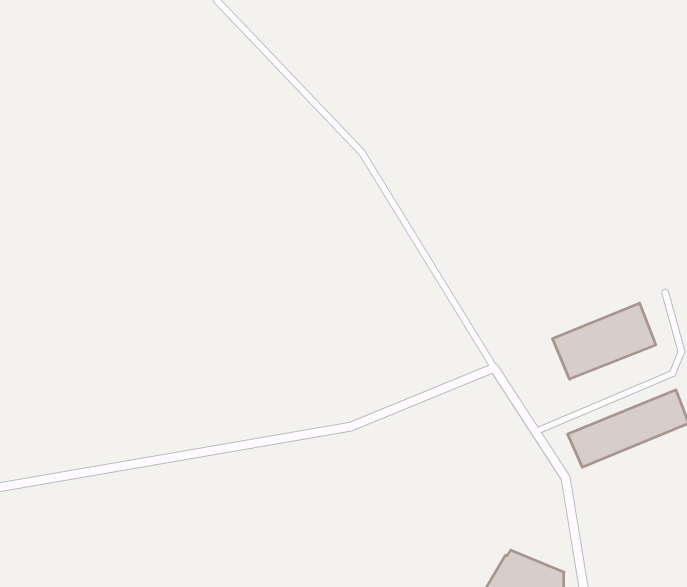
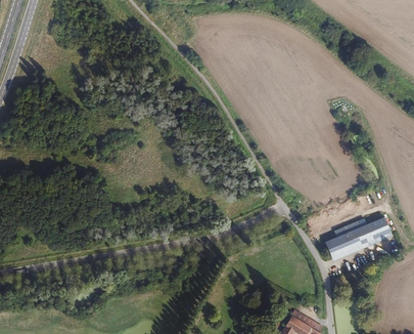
building: [553,303,656,379] -> none

